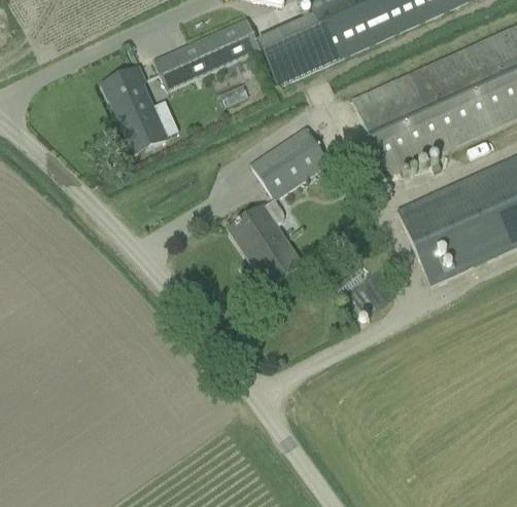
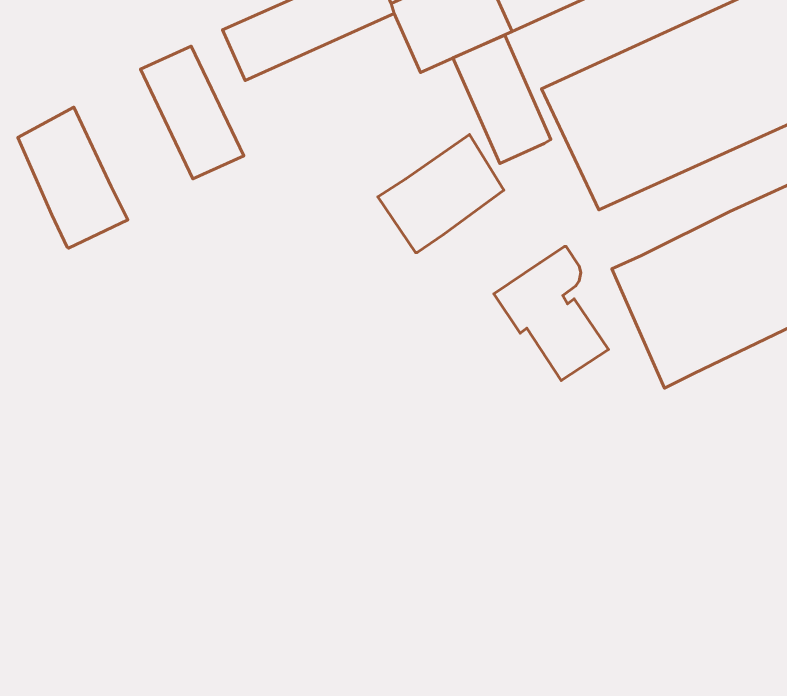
building: none -> [453,35,551,163]
building: none -> [18,107,128,248]
building: [231,200,303,284] -> [494,246,609,381]

